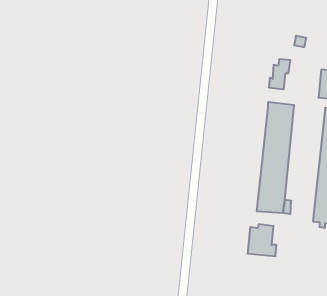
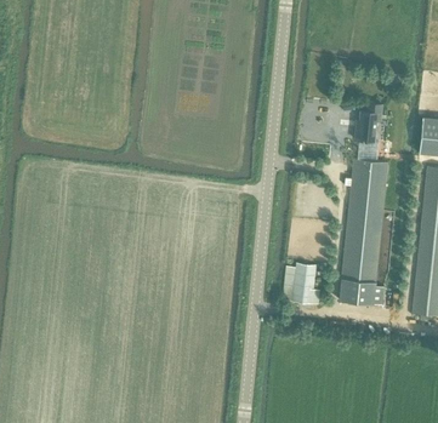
building: [247,224,276,256] -> [281,263,319,304]

